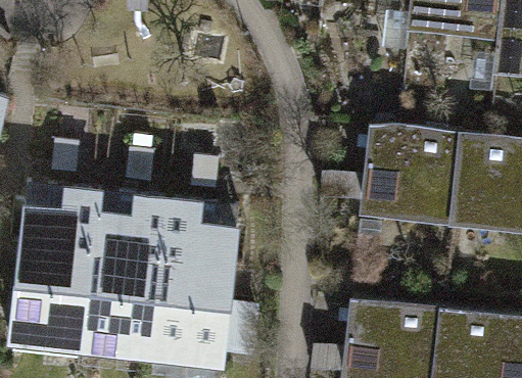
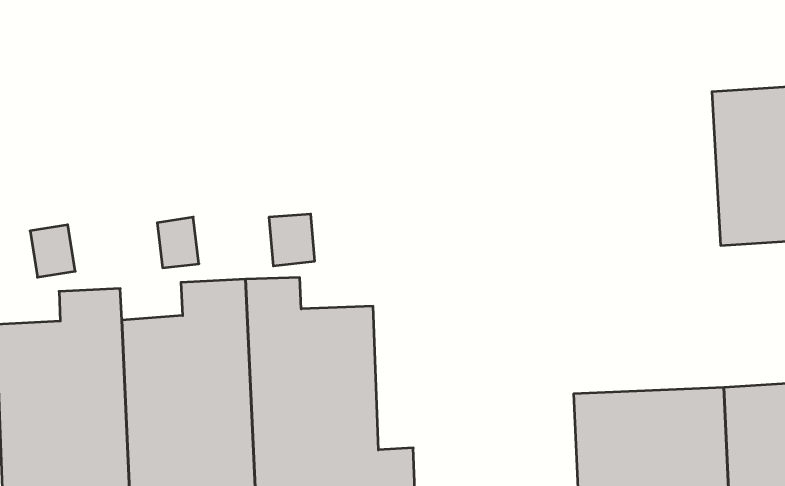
building: [364,125,461,224] -> none

